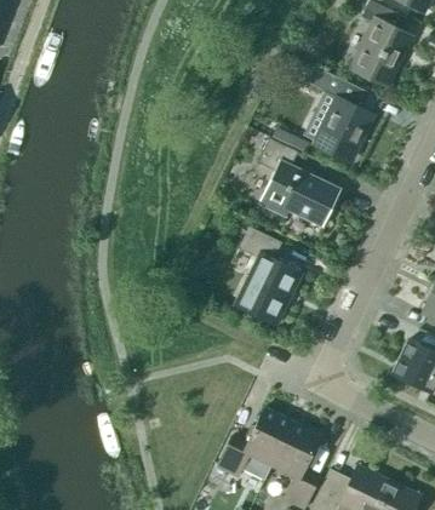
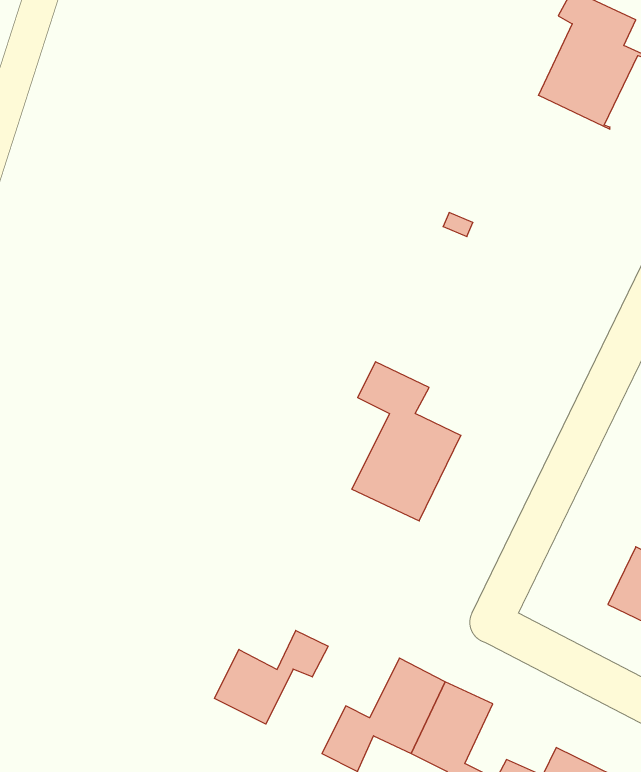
building: [308,68,378,161] -> none
building: [258,138,342,228] -> none
building: none -> [215,630,328,724]

